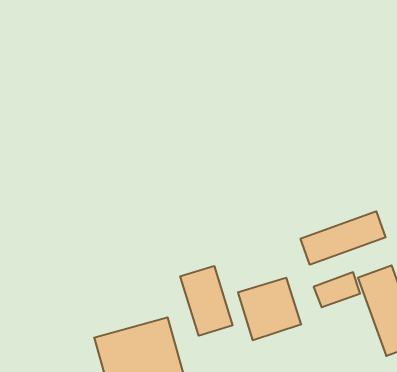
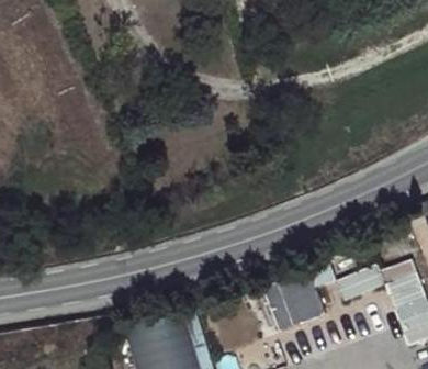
building: [301,211,386,265] -> none
building: [180,266,233,336] -> none

